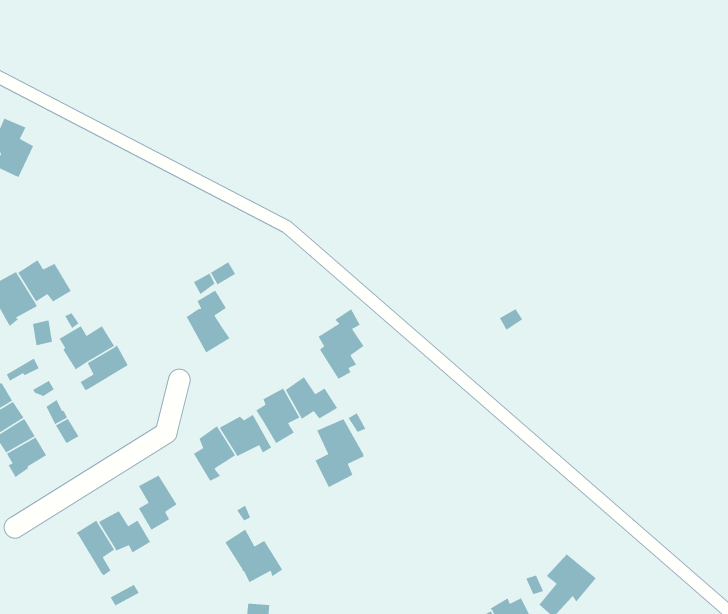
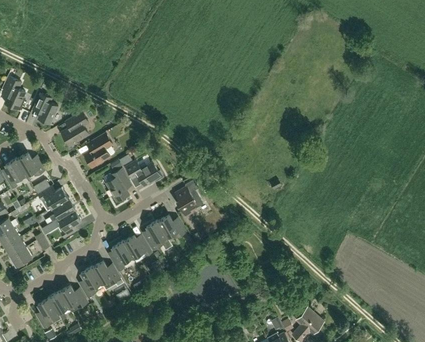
building: none -> [34,94,58,125]
building: none -> [61,112,88,146]
building: none -> [84,134,112,168]
building: none -> [125,161,163,187]
building: none -> [54,210,81,238]
building: [315,415,365,488] -> none
building: [223,528,283,583] -> [91,261,123,290]
building: none -> [37,299,60,328]

